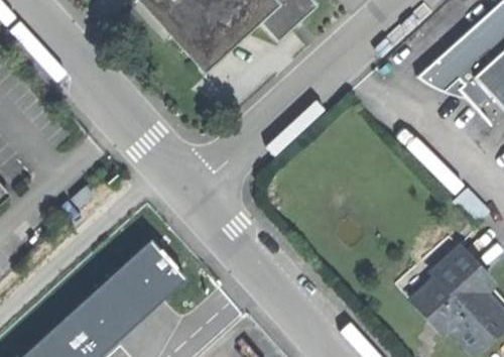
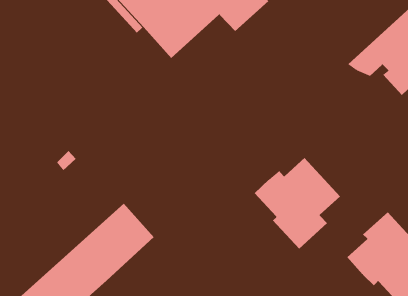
building: none -> [254,157,341,249]

